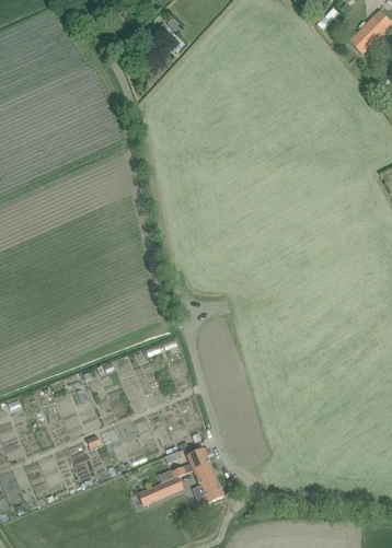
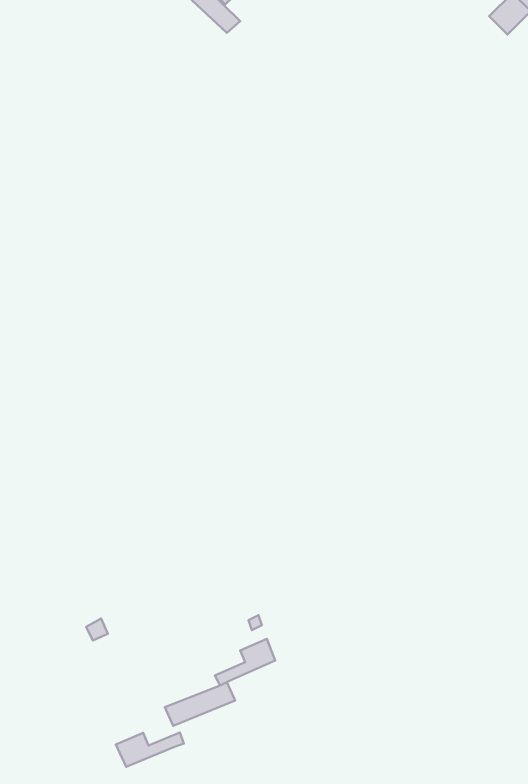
building: [193,463,223,503] -> none
building: none -> [116,732,184,767]

